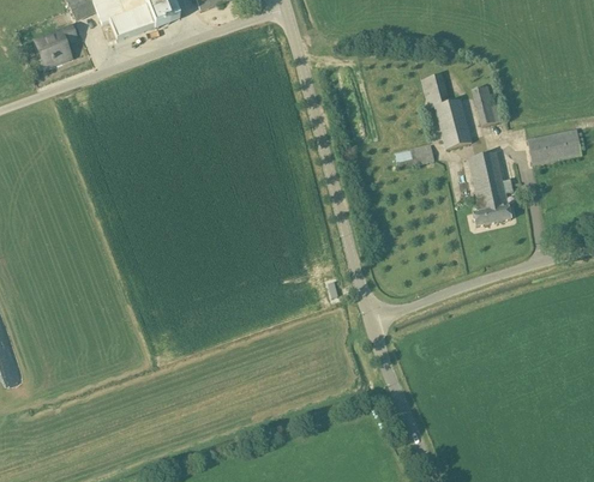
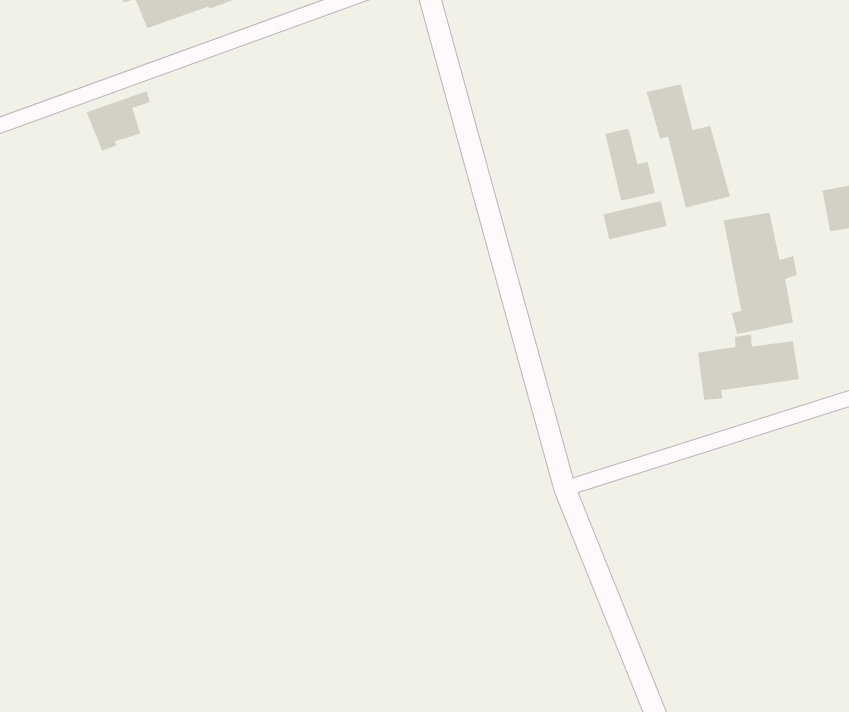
building: [36,28,76,65] -> [86,90,151,152]
building: [472,79,503,123] -> [605,128,656,201]
building: none -> [698,334,800,400]

